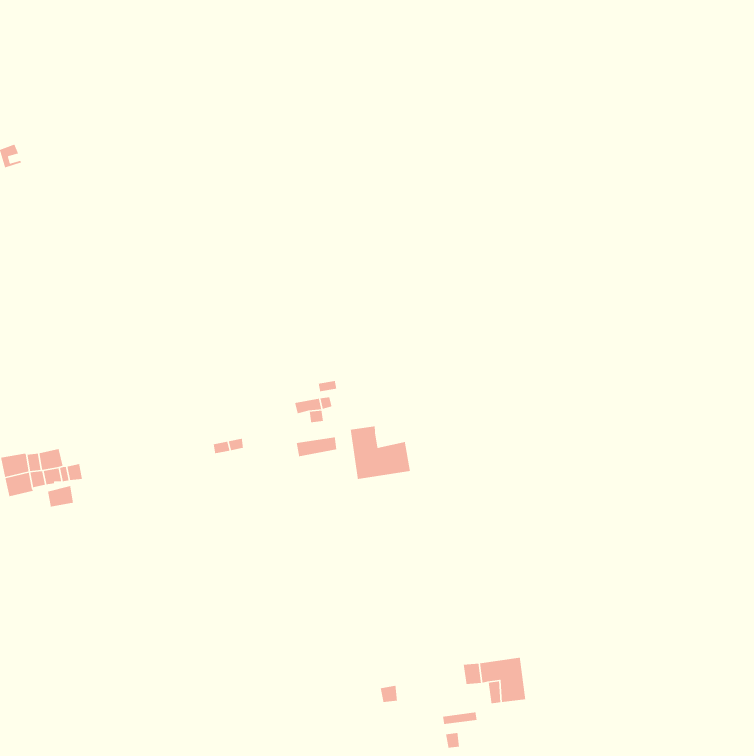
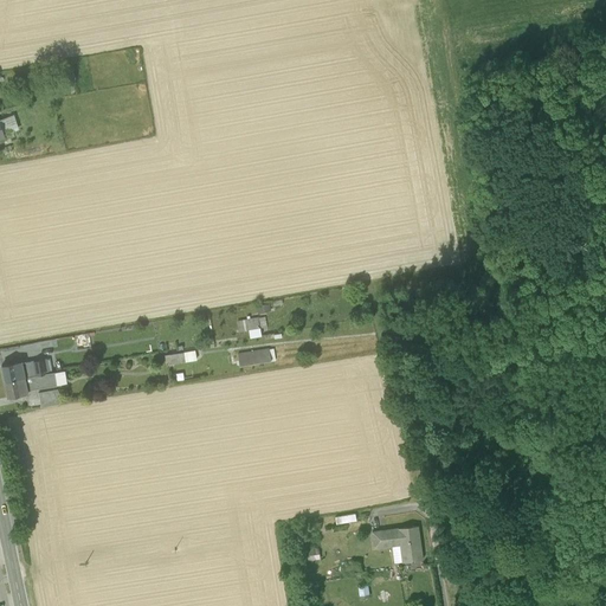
building: [350,425,411,480] -> none

